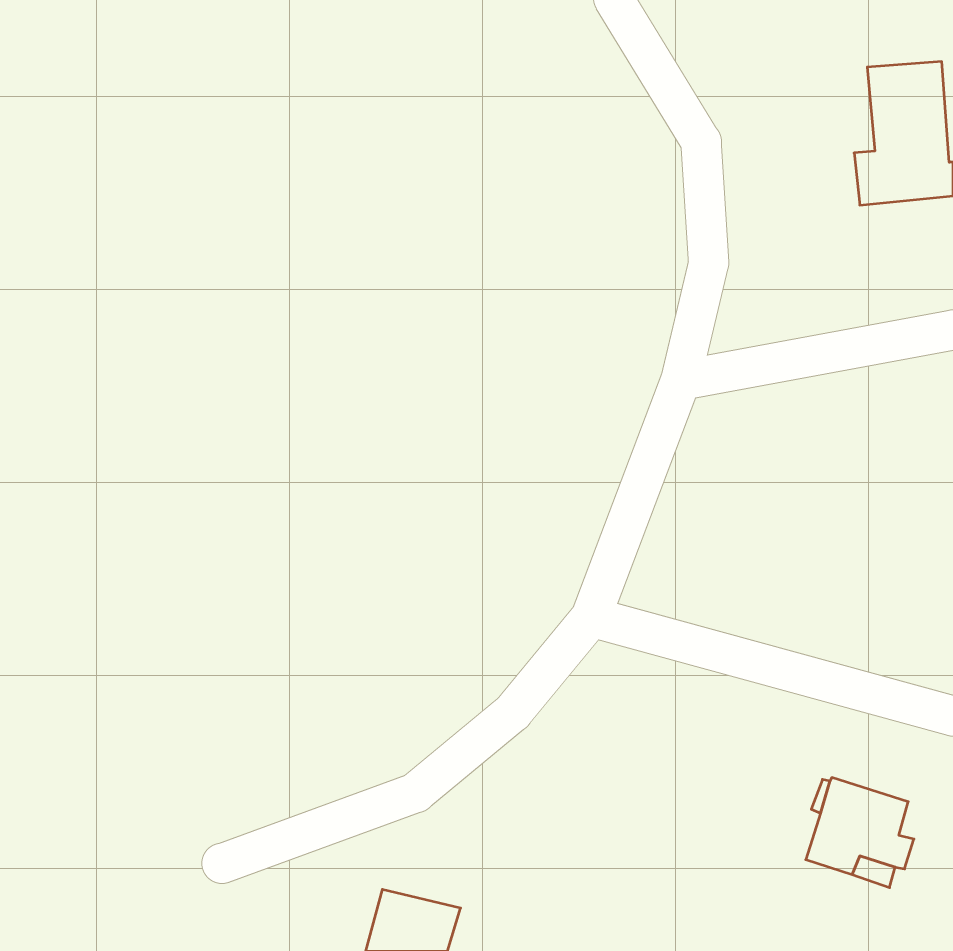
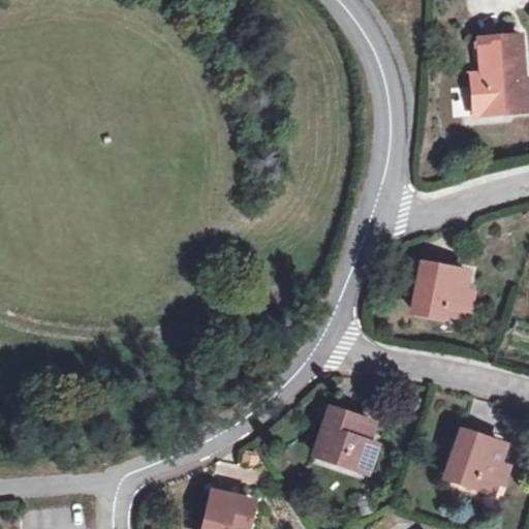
building: none -> [414,263,472,316]
building: none -> [314,409,375,472]

